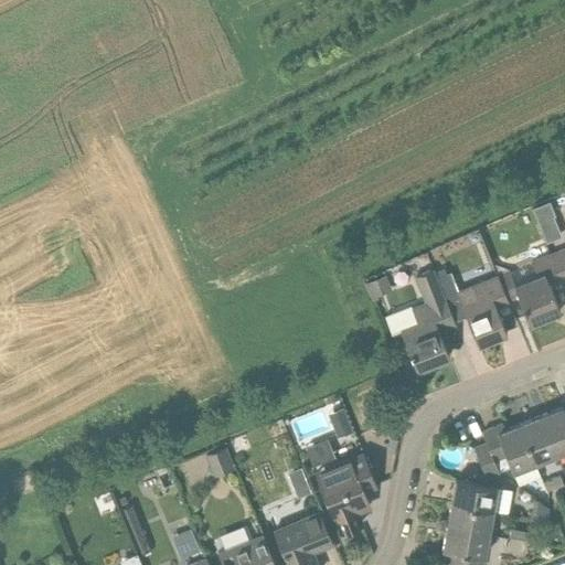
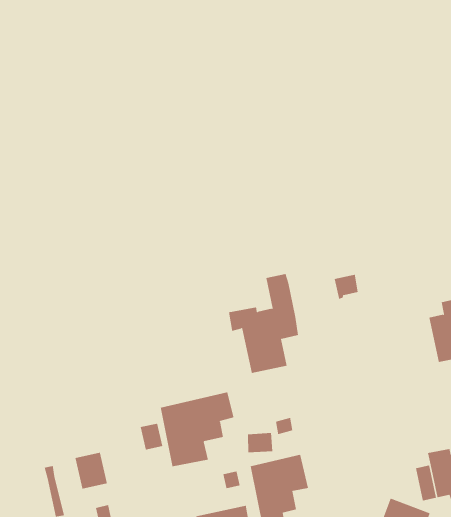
building: [385,270,456,371] -> [228,273,299,374]
building: none -> [160,392,234,467]
building: none -> [75,452,107,490]

